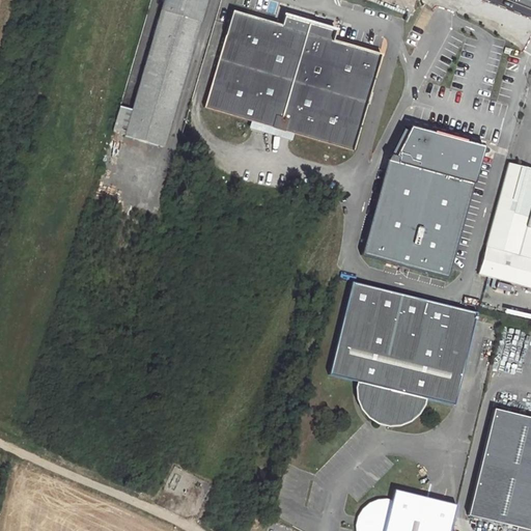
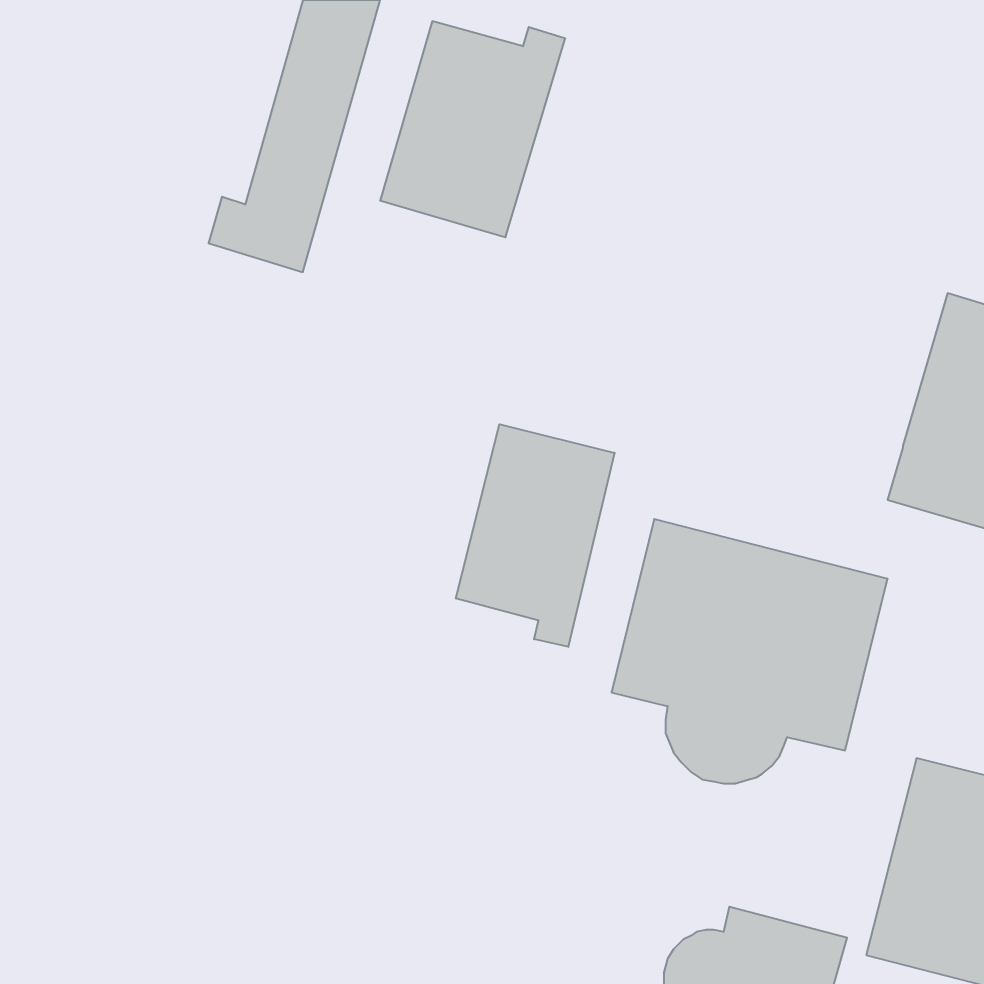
building: [273,22,382,151] -> none
building: [362,124,485,277] -> none
building: none -> [456,424,615,647]

